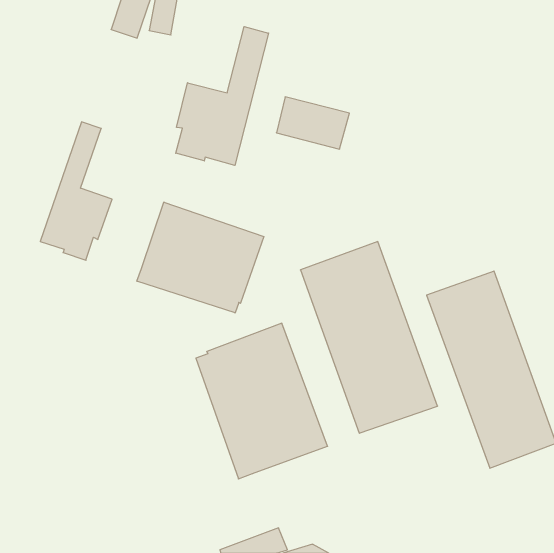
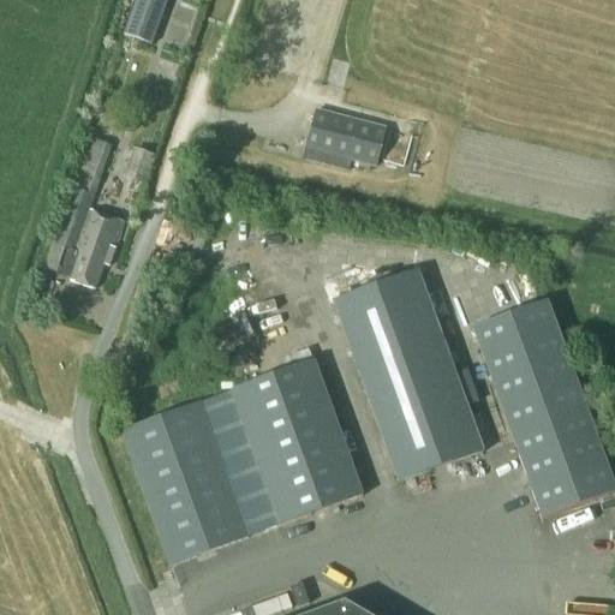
building: [176,27,269,165] -> none
building: [137,202,264,313] -> none
building: none -> [121,395,265,562]

